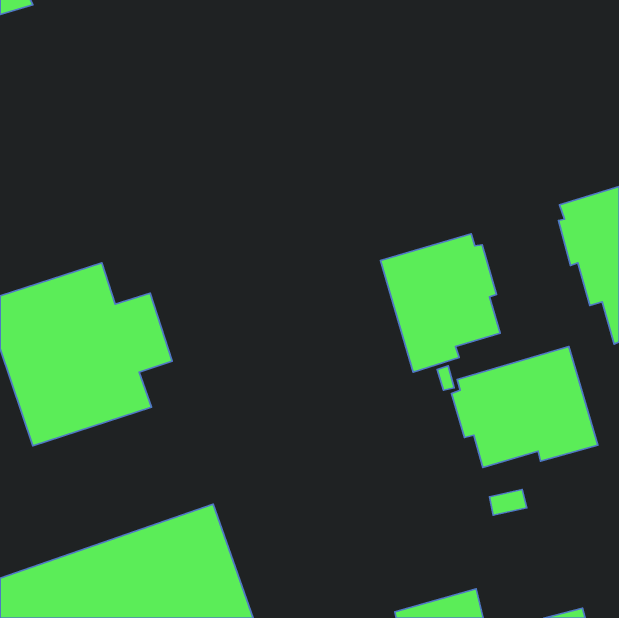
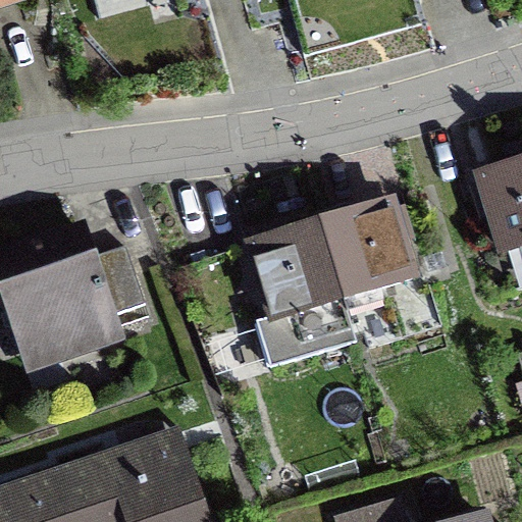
building: none -> [205,219,357,384]
building: [452,347,598,467] -> none

